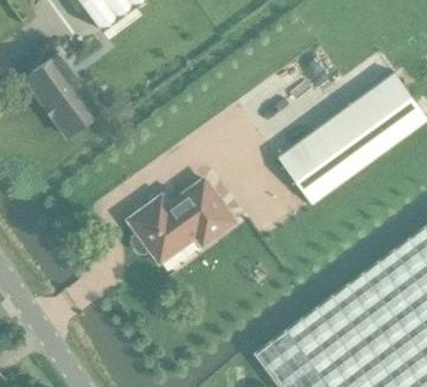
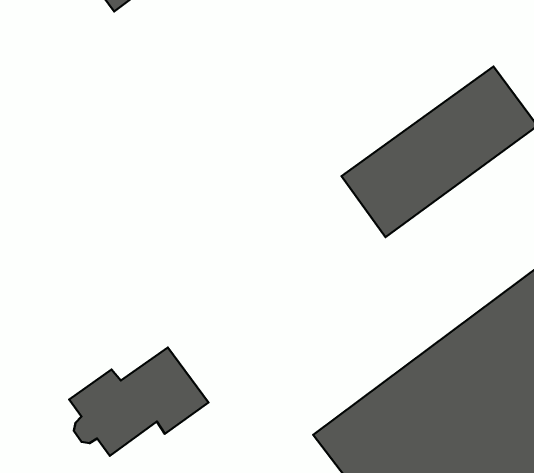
building: [23,53,101,137] -> none
building: [127,179,235,262] -> [69,348,209,456]

